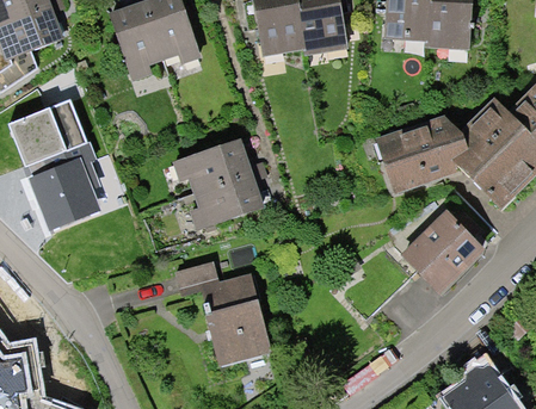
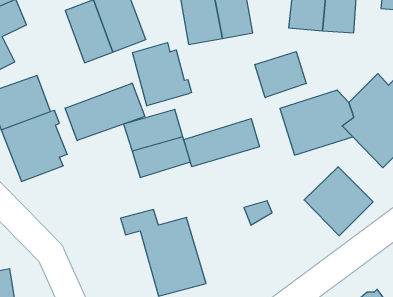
building: none -> [132,43,191,106]
building: none -> [255,52,306,98]
building: none -> [65,83,145,141]
building: none -> [184,119,259,167]

